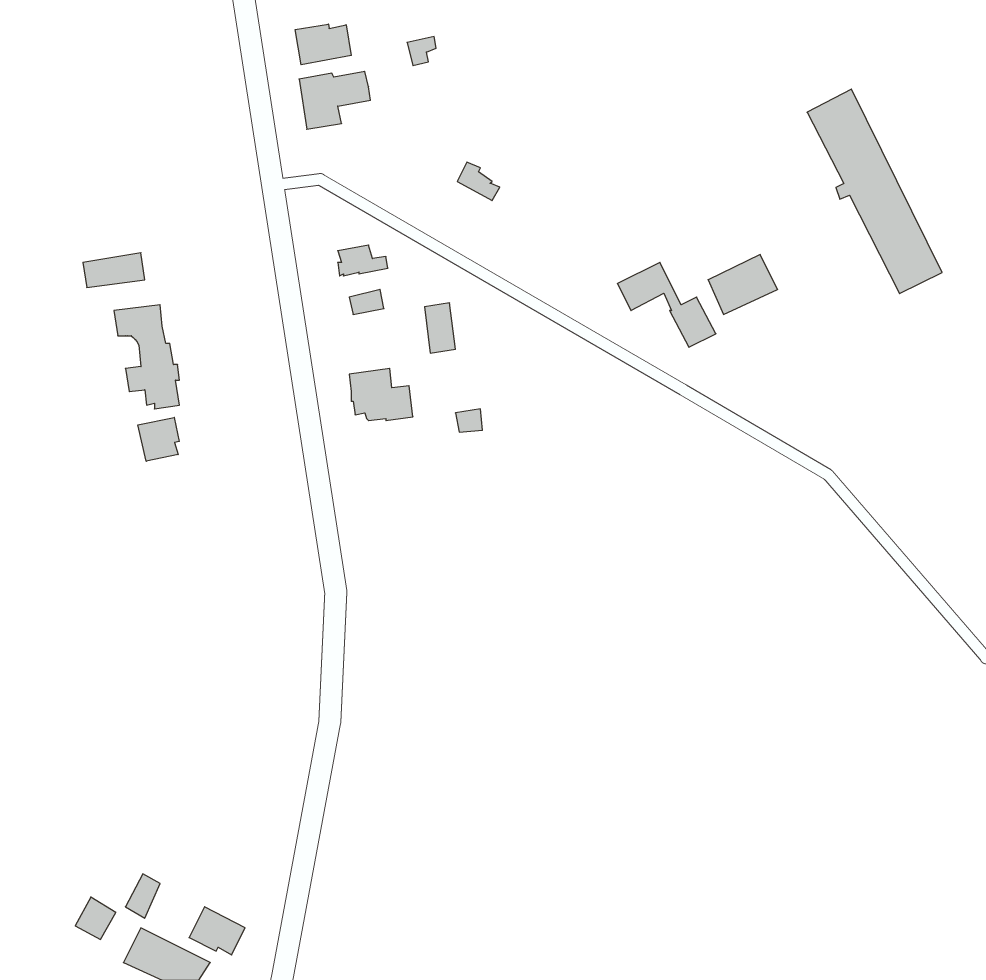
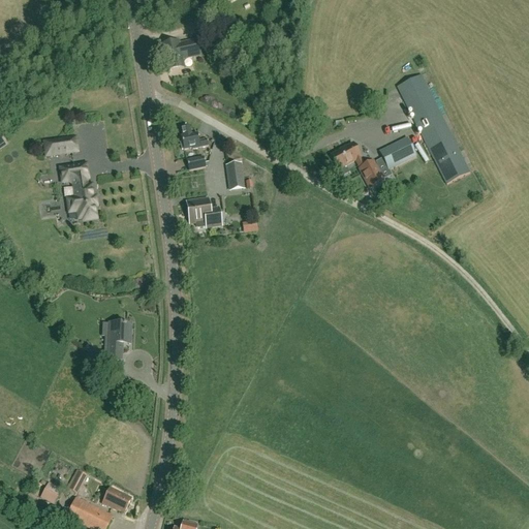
building: [295,24,351,65] -> none
building: [807,89,942,294] -> [397,73,469,183]
building: [138,417,179,461] -> none
building: none -> [107,321,131,359]

